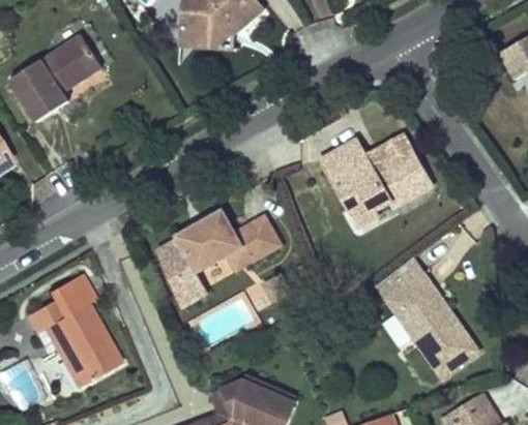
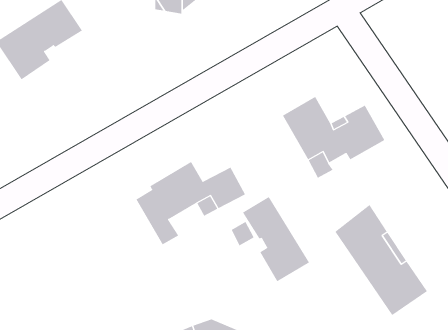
building: none -> [242,196,310,282]
building: [26,274,121,387] -> none

